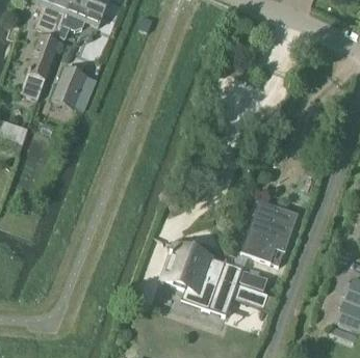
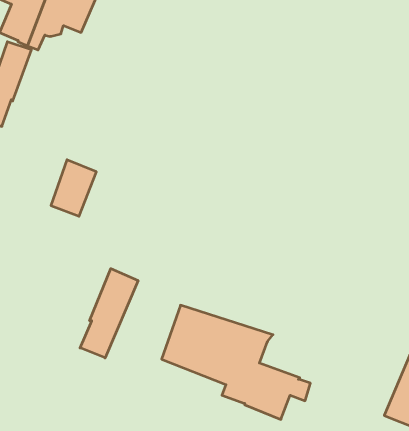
building: [53,64,88,108] -> [51,160,96,216]
building: [242,197,300,263] -> none
building: none -> [80,269,138,358]

